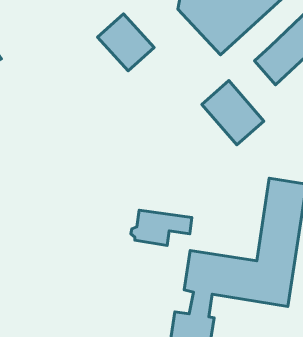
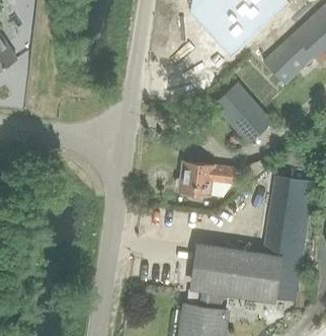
building: [98,14,154,71] -> none
building: [131,210,192,245] -> [173,160,233,195]

